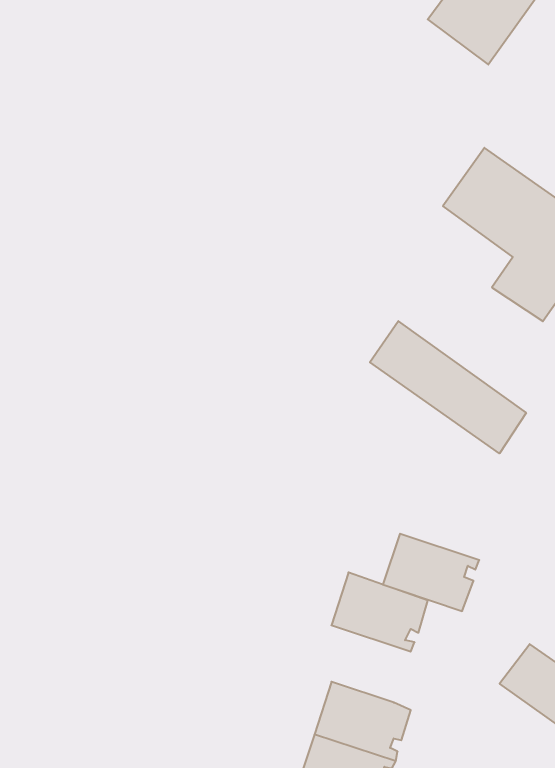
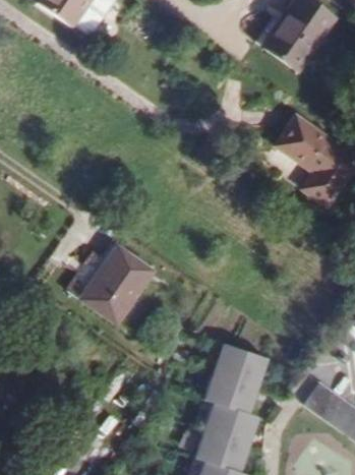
building: [370,321,526,453] -> none
building: none -> [68,244,154,325]
building: [383,534,479,611] -> [204,372,256,414]

